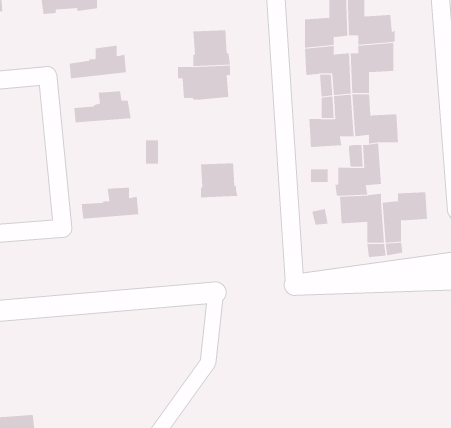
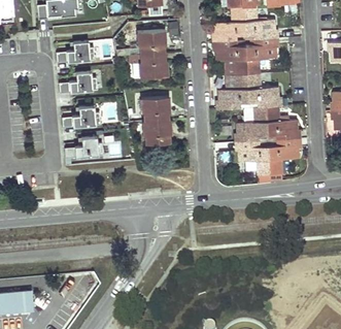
building: none -> [143,98,170,122]
building: none -> [63,106,102,129]
building: none -> [266,107,298,141]

